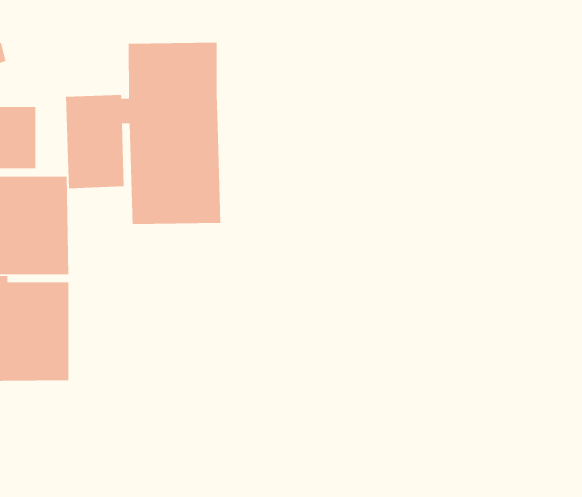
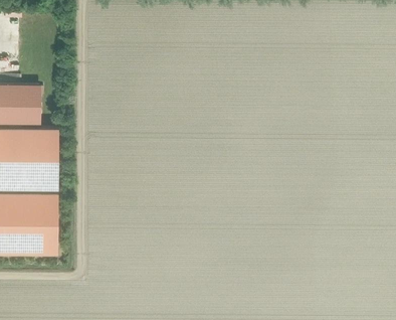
building: [65,42,221,225] -> none

